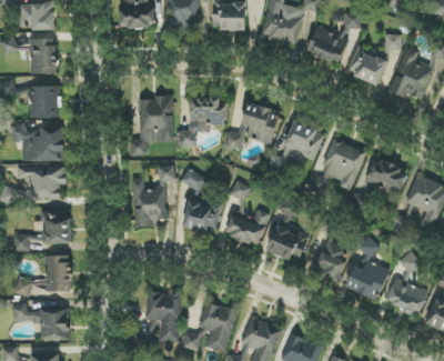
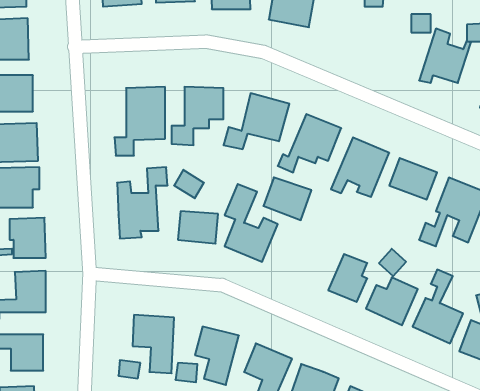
building: [306,28,349,63] -> none
building: [347,47,389,84] -> none
building: [268,227,309,263] -> [263,177,311,220]

